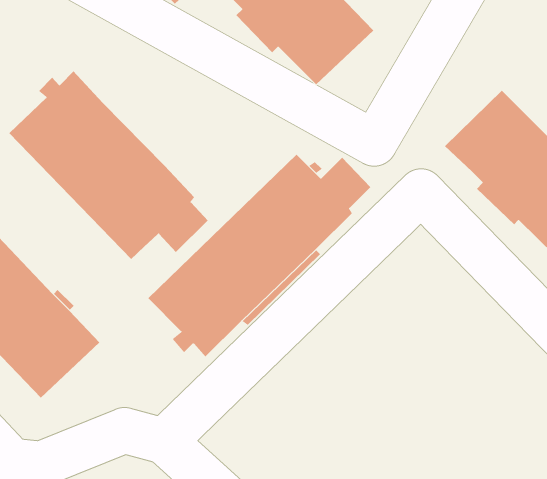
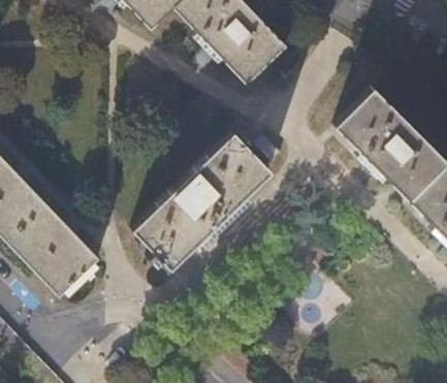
building: [8,70,209,260] -> none

